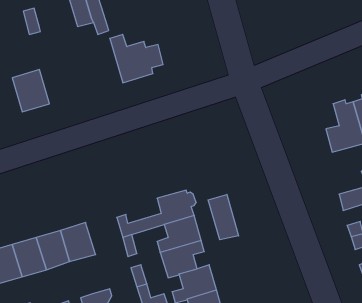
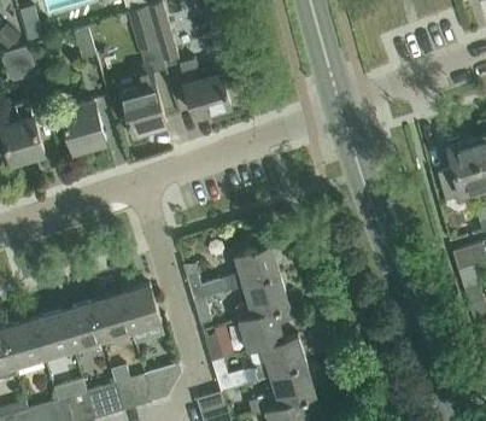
building: none -> [123,66,166,134]
building: [208,194,239,240] -> none

